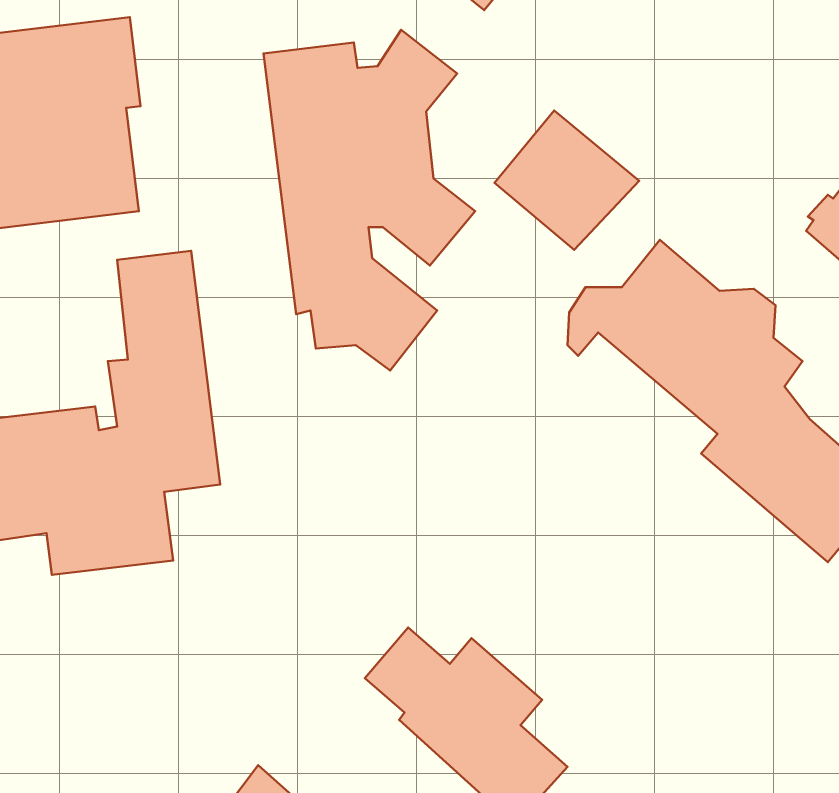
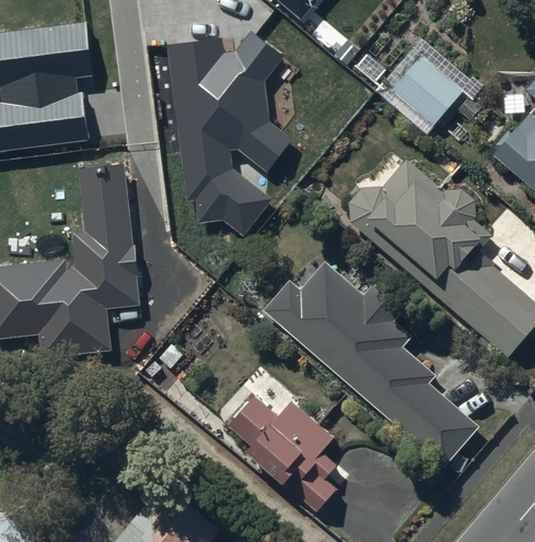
building: [495,110,639,250] -> [376,47,464,131]
building: none -> [264,263,476,463]

